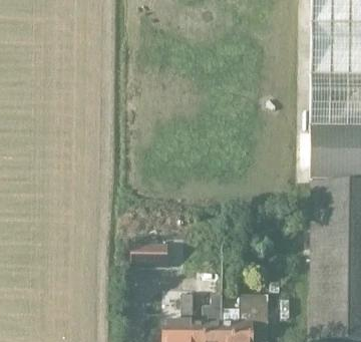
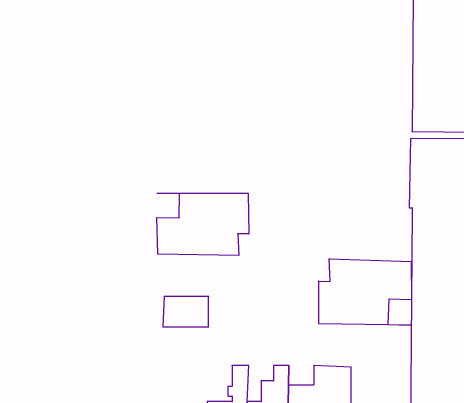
building: none -> [157,193,249,255]
building: none -> [319,259,411,325]

